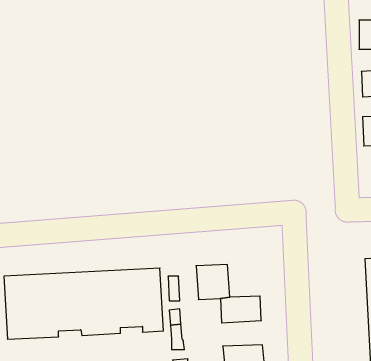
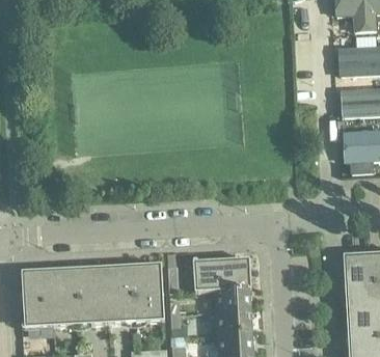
building: none -> [221,259,251,291]
building: none -> [216,311,252,334]

